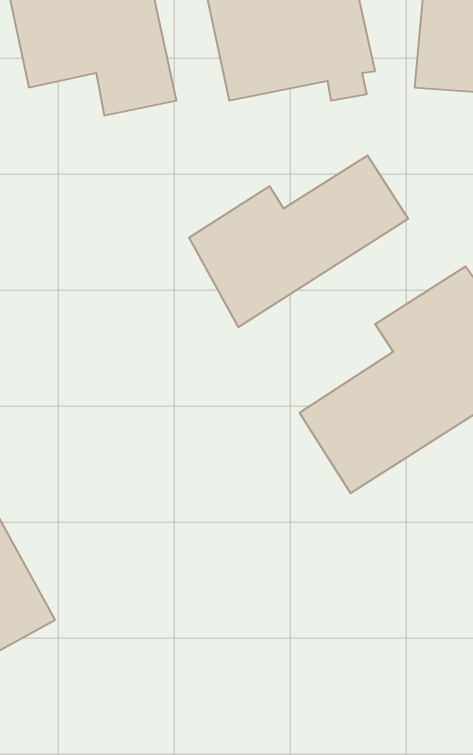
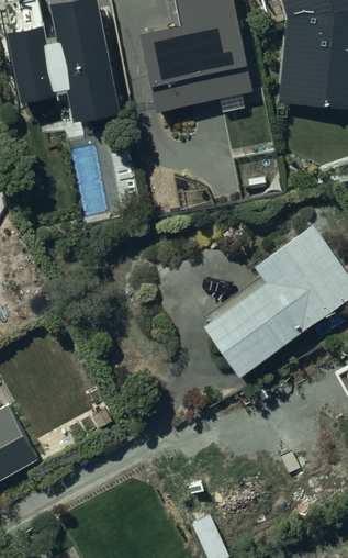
building: [189,155,408,327] -> none

